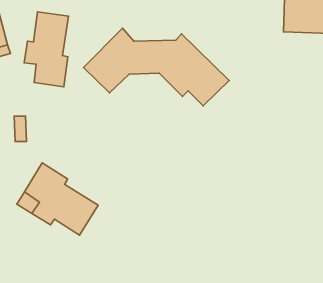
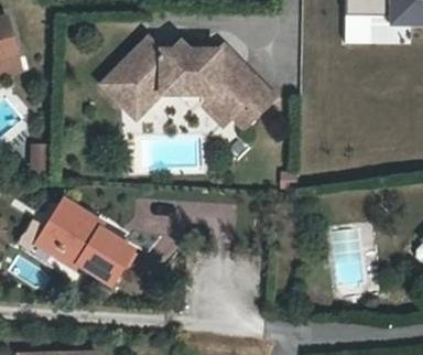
building: [24,12,68,87] -> none

